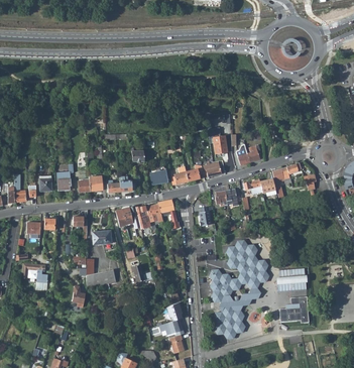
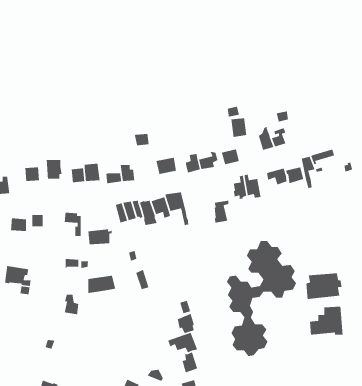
building: [230,284,260,311] -> none

